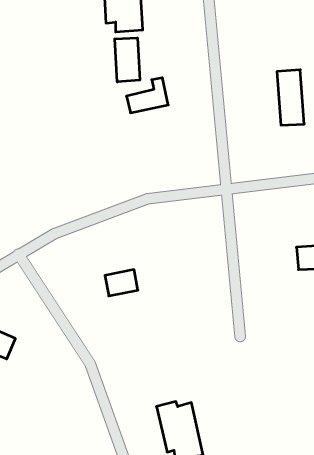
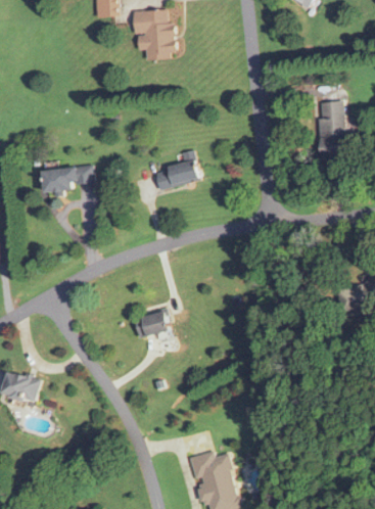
building: [115,38,140,82] -> none
building: [126,78,168,113] -> [156,151,200,188]
building: none -> [46,167,95,196]

